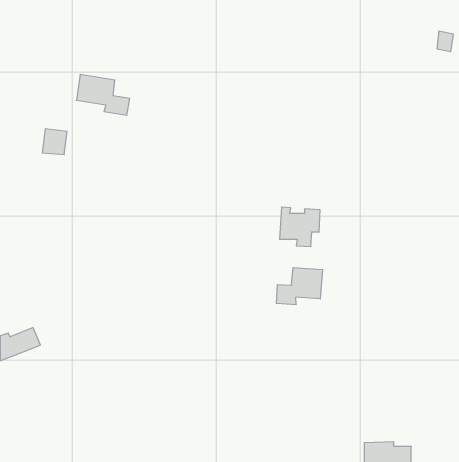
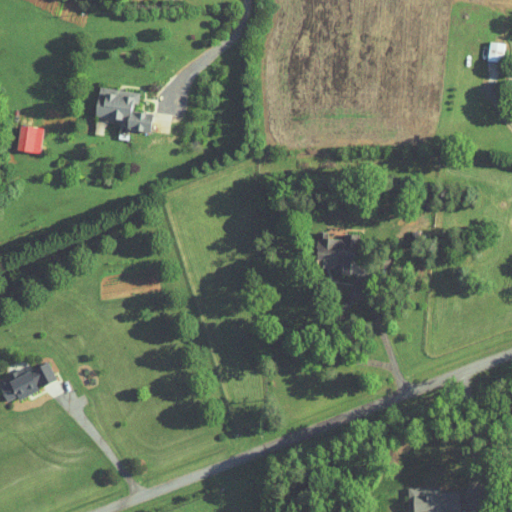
building: [42,129,67,155] -> [16,127,43,155]
building: [277,268,323,305] -> none

